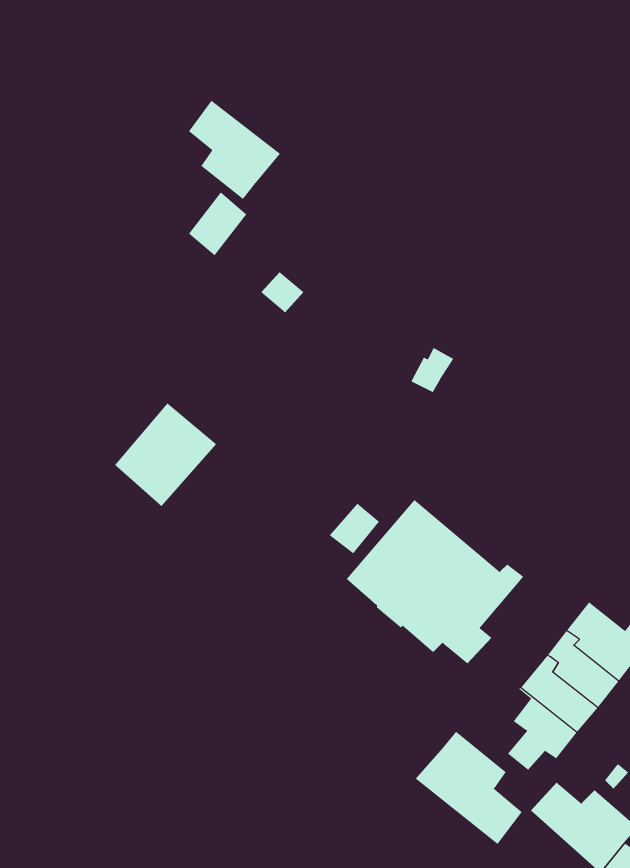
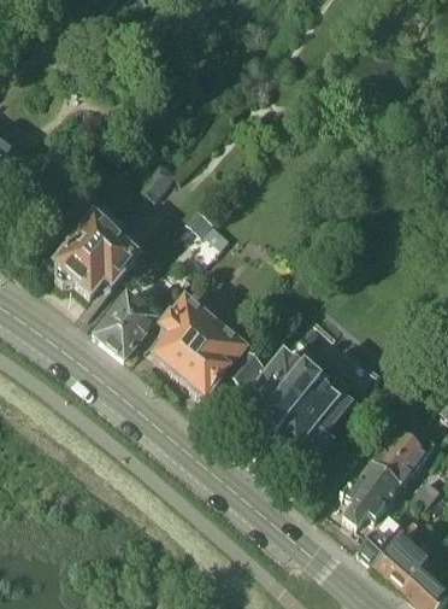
building: [188,100,281,200] -> none
building: none -> [57,207,140,295]
building: none -> [154,293,250,396]
building: [415,731,523,845] -> none

